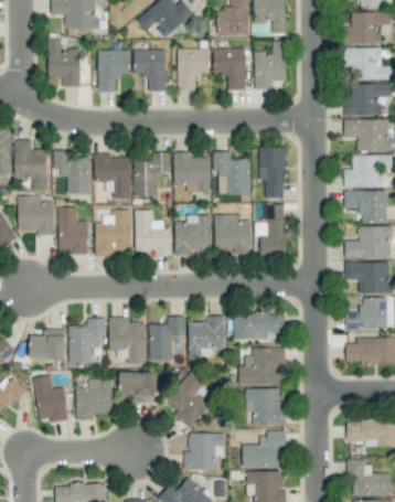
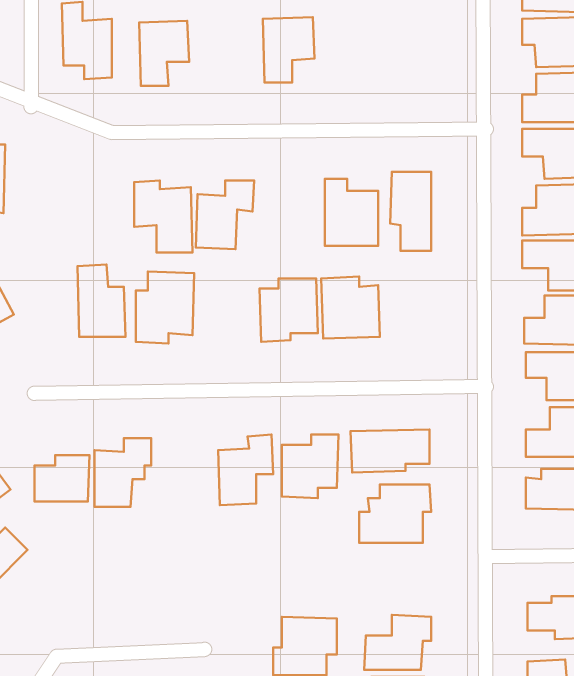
building: [254,41,286,89] -> none
building: [213,47,245,90] -> none
building: [134,50,166,92] -> none
building: [13,139,47,190] -> none
building: [55,150,90,193] -> none
building: [173,151,211,192] -> none
building: [18,195,54,235] -> none
building: [255,204,286,255] -> none
building: [135,210,171,256] -> none
building: [108,317,146,364] -> none
building: [118,372,159,403] -> none
building: [164,372,211,428] -> none
building: [33,375,67,421] -> none
building: [75,380,113,420] -> none
building: [245,388,285,425] -> none

